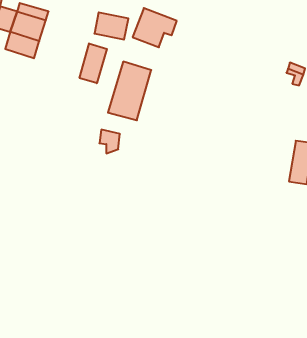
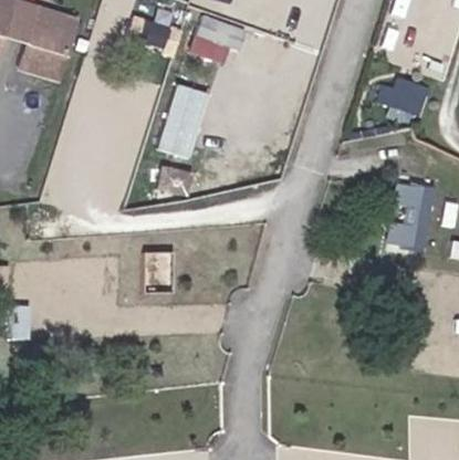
building: [80,43,107,83] -> none

